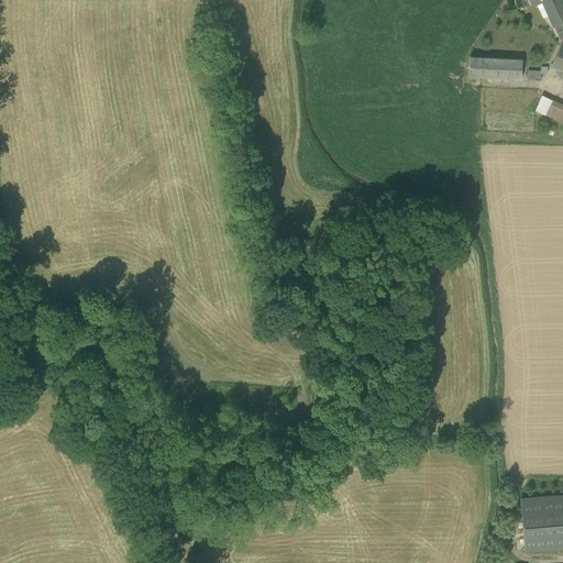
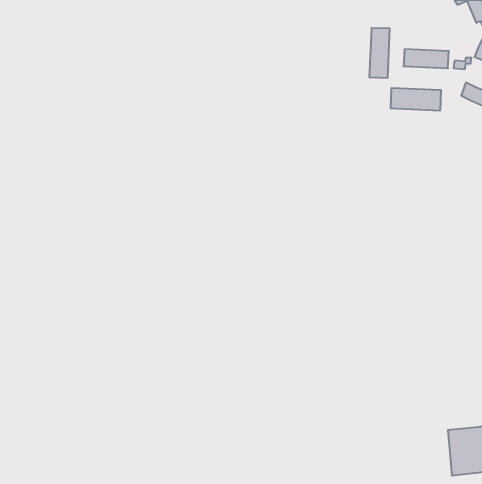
building: none -> [370,28,390,78]
building: none -> [391,88,441,111]

